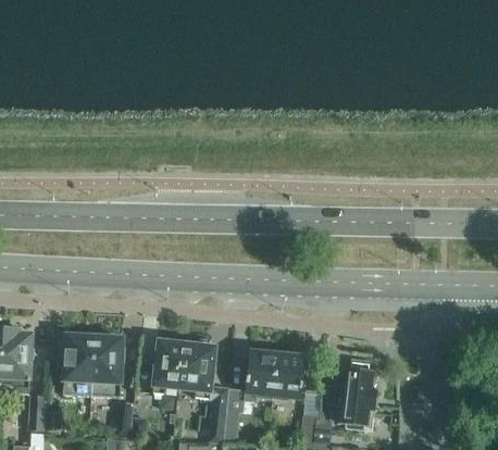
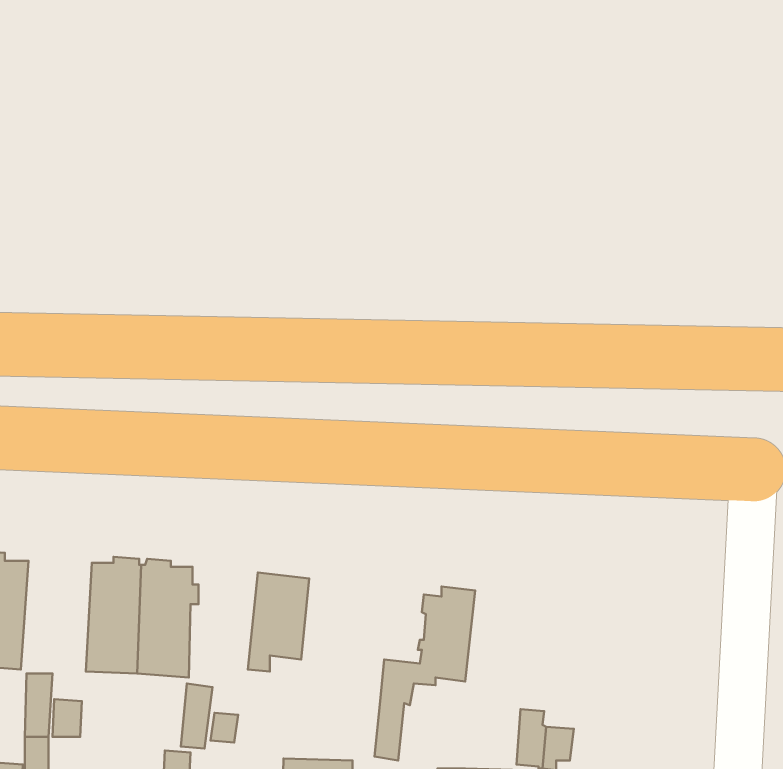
building: [182,339,227,440] -> none
building: [272,349,304,400] -> none
building: [326,361,375,429] -> none

